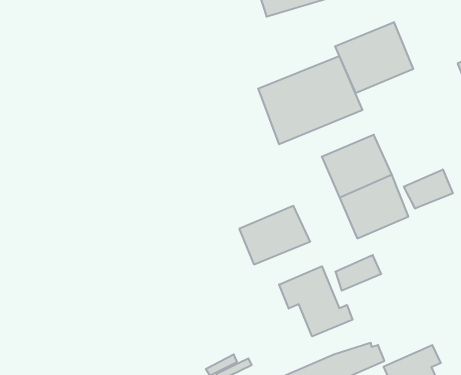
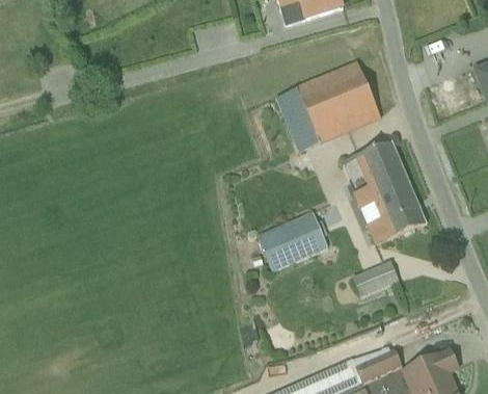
building: [335,22,413,93] -> none
building: [404,169,453,209] -> none
building: [279,266,353,336] -> none

